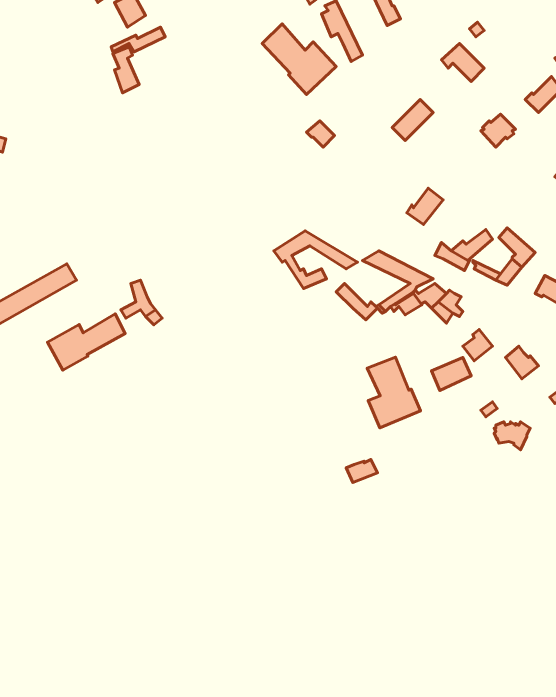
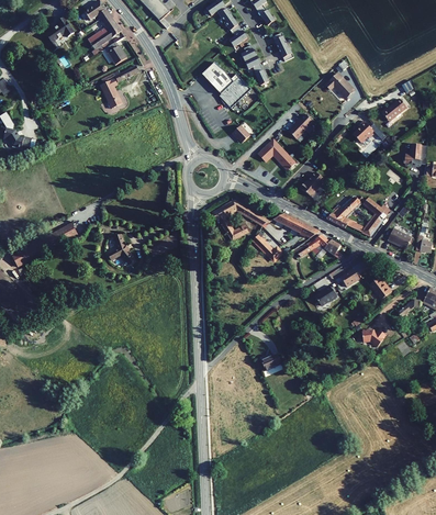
building: none -> [260,142,298,171]
building: [48,314,125,370] -> none
building: [367,357,421,428] -> none

